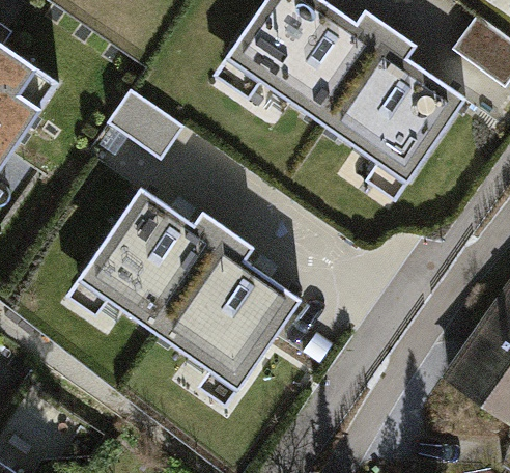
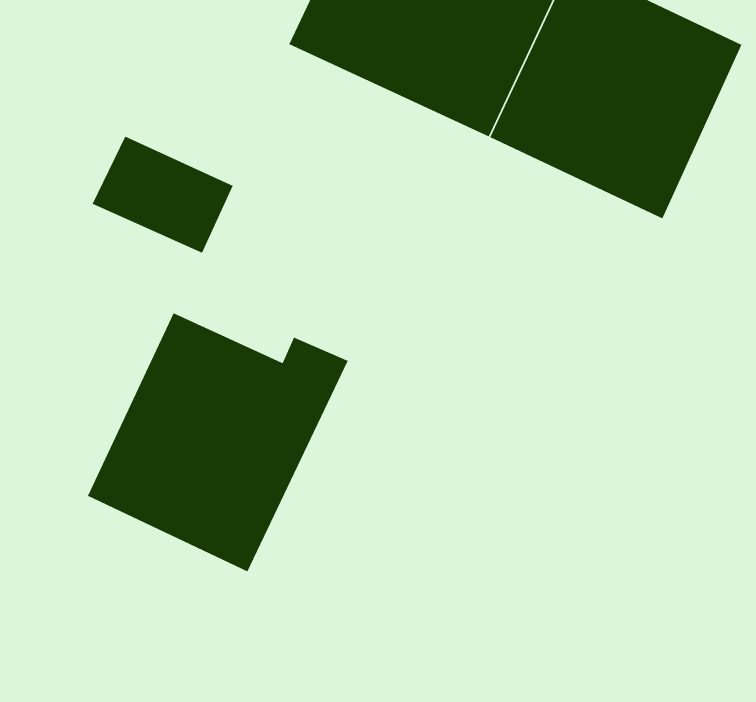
building: [157,229,301,389] -> none

